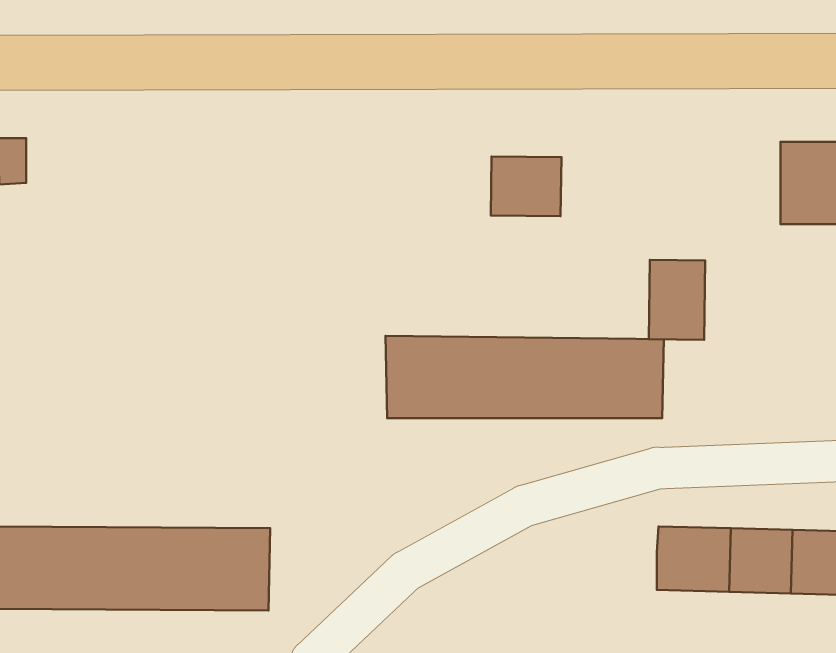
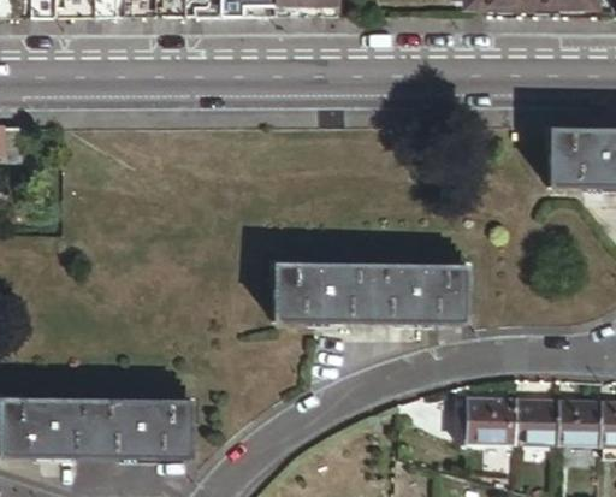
building: [491,156,561,216] -> none
building: [649,260,705,340] -> none

